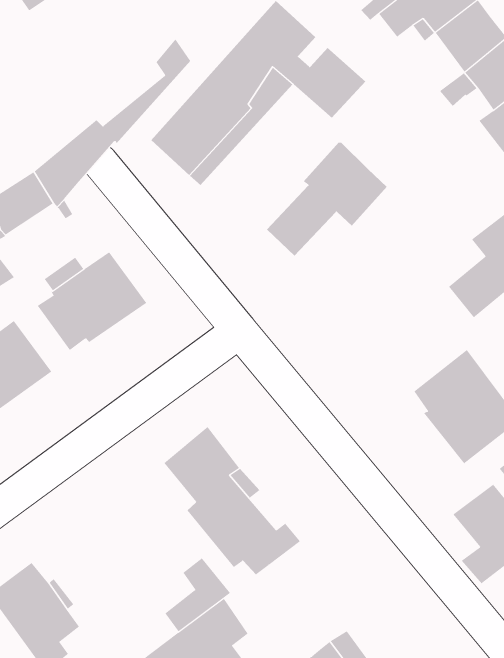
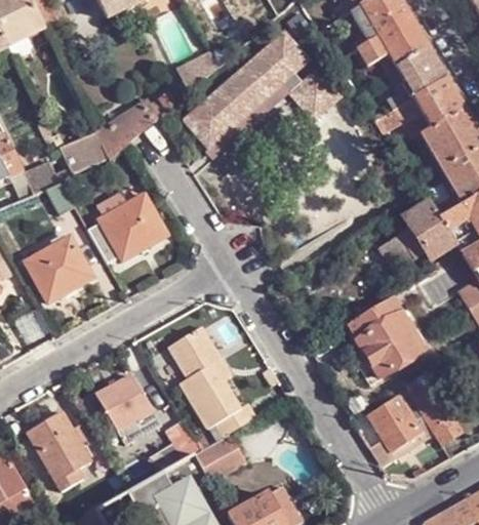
building: [266,142,388,256] -> none
building: none -> [95,372,162,443]
building: none -> [196,433,246,481]

